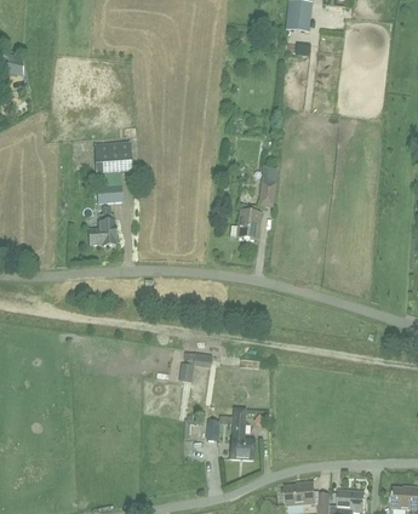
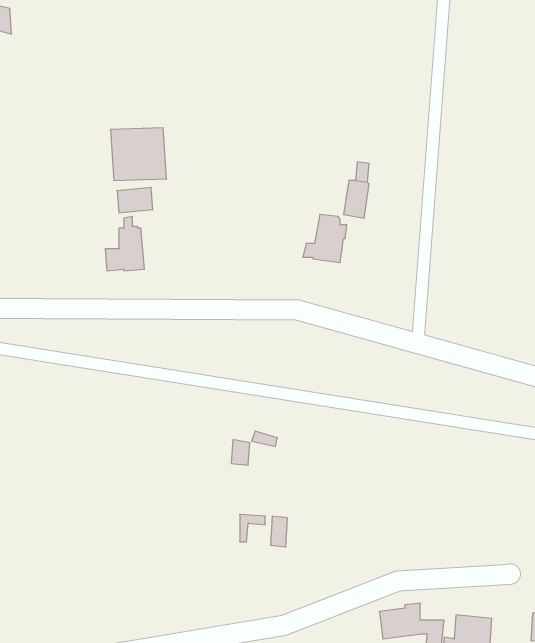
building: [230,406,253,458] -> none

